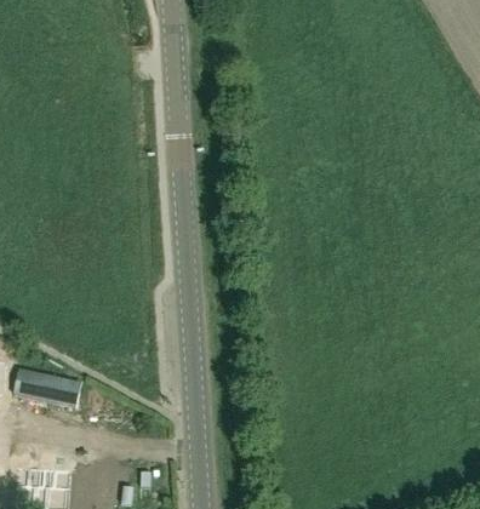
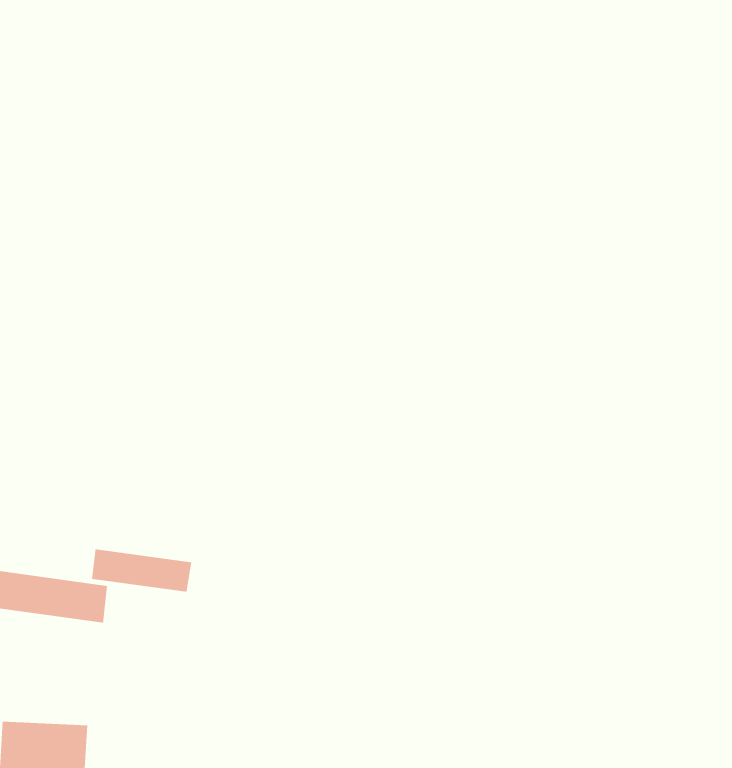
building: none -> [91,548,192,592]

